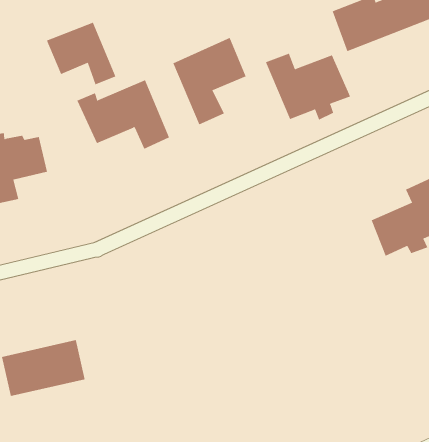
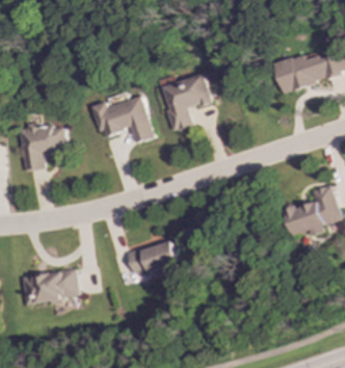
building: [46,22,116,85] -> none
building: [265,53,351,121] -> none
building: none -> [126,239,178,275]

